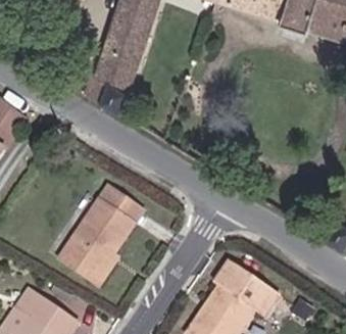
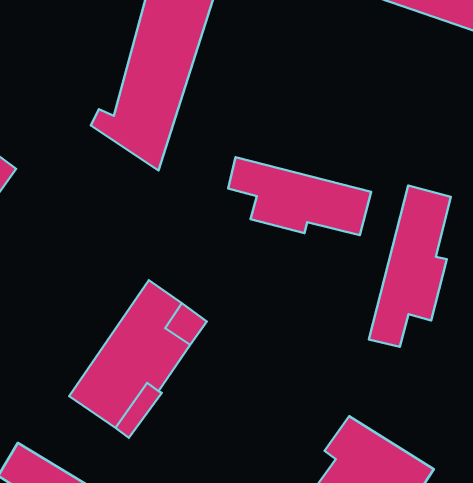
building: none -> [228,157,371,235]
building: none -> [369,186,451,347]

